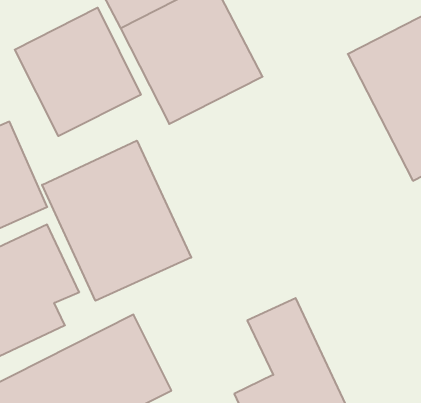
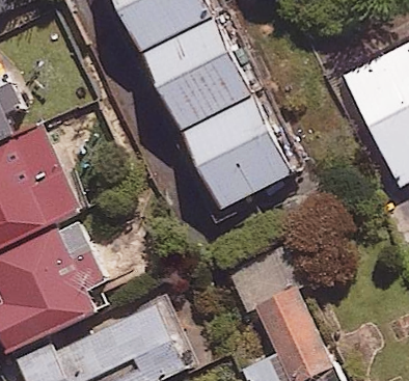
building: [15,8,141,136] -> none
building: none -> [185,93,304,209]
building: [42,141,191,301] -> none

